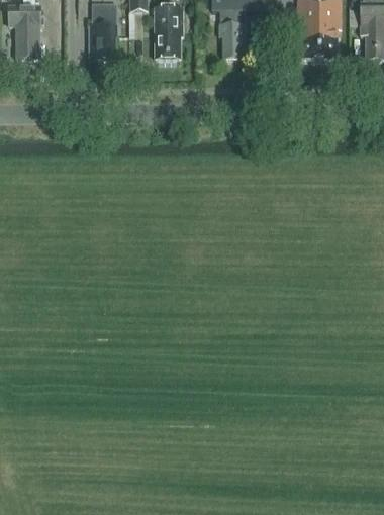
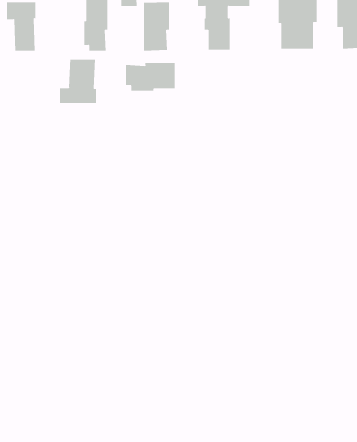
building: none -> [59,59,96,104]
building: none -> [125,62,175,92]

